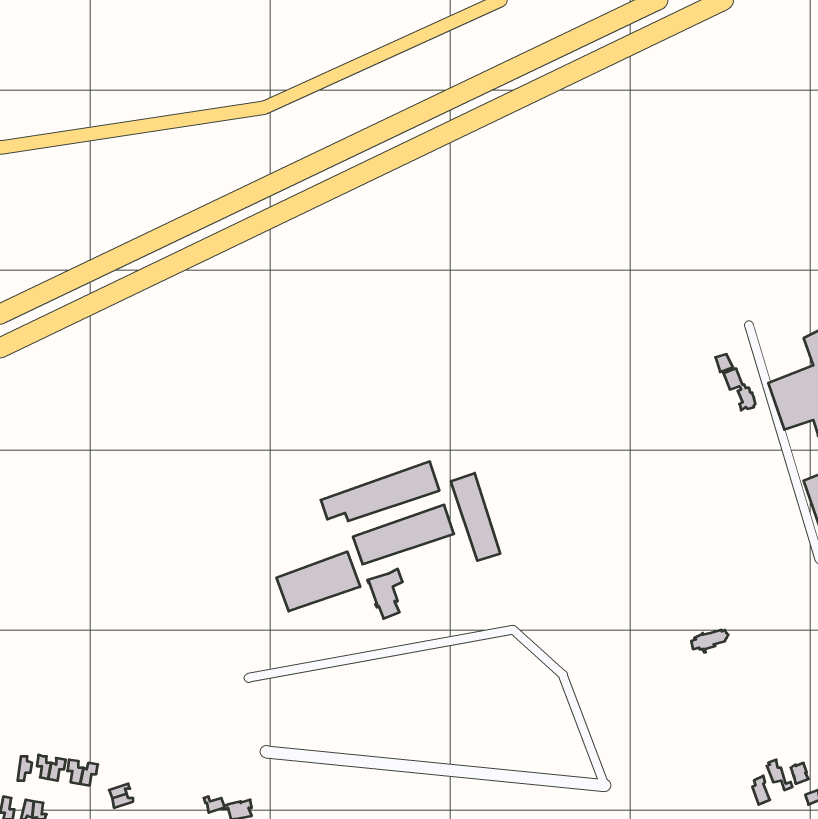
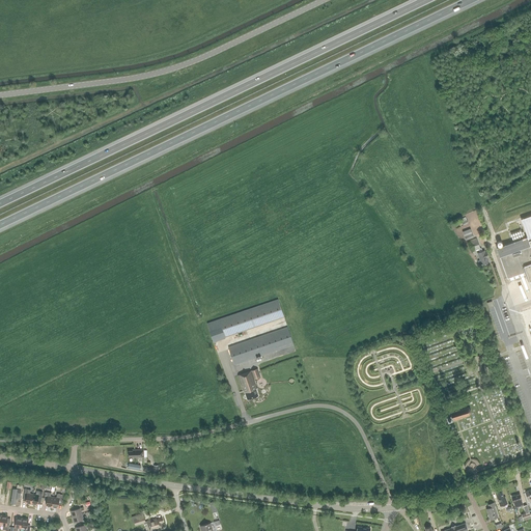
building: [451,473,500,561] -> none
building: [277,552,360,611] -> none

